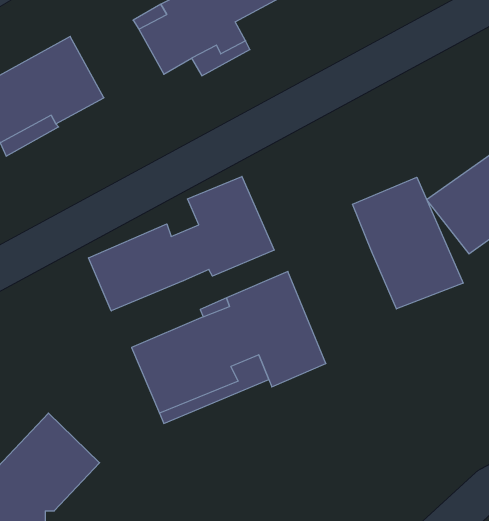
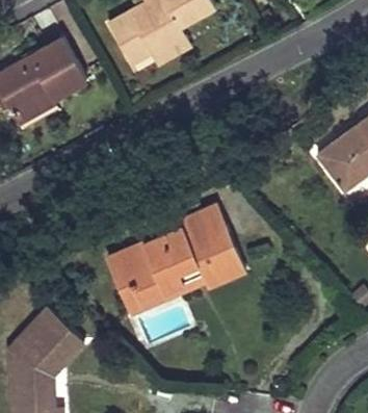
building: [89,176,274,311] -> none
building: [352,177,463,309] -> none

